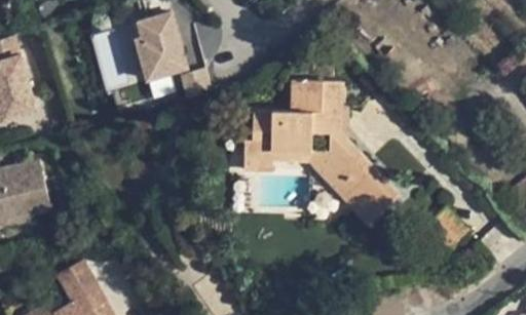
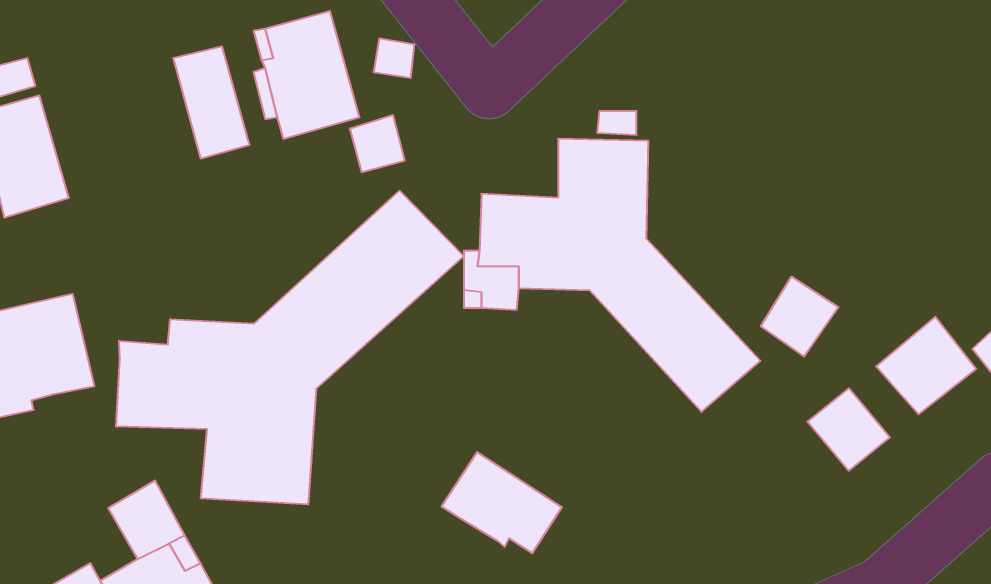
building: none -> [116,191,464,505]
building: none -> [761,277,838,357]
building: none -> [876,317,976,414]
building: none -> [442,452,562,553]

